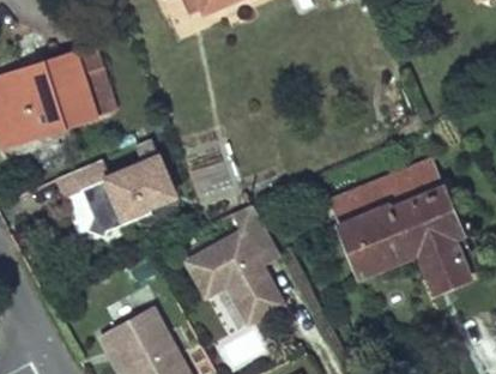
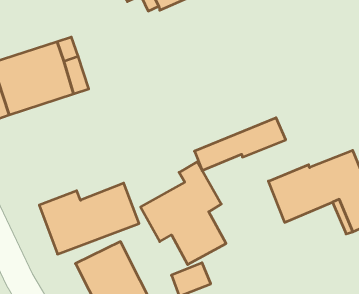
building: [54,150,179,239] -> [39,183,139,254]
building: [331,161,444,227] -> [194,118,286,171]

